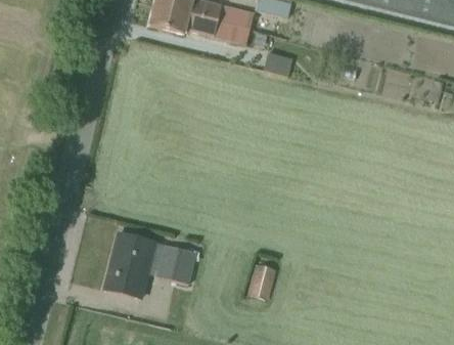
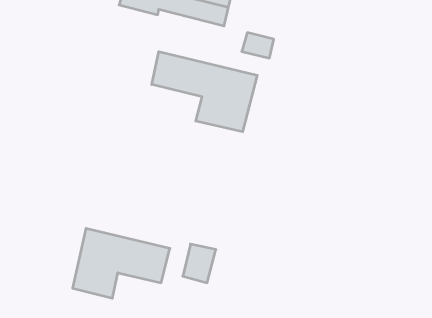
building: none -> [152,52,257,132]
building: [248,264,279,300] -> [183,244,216,283]

